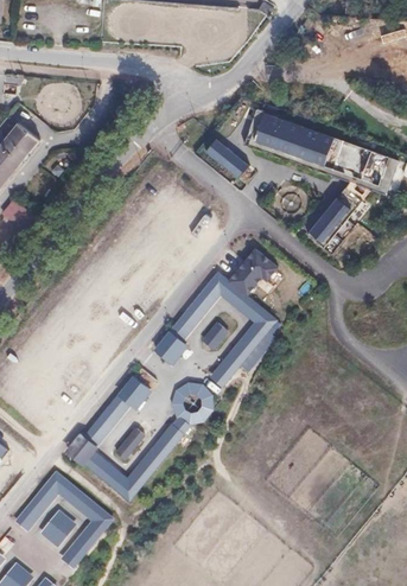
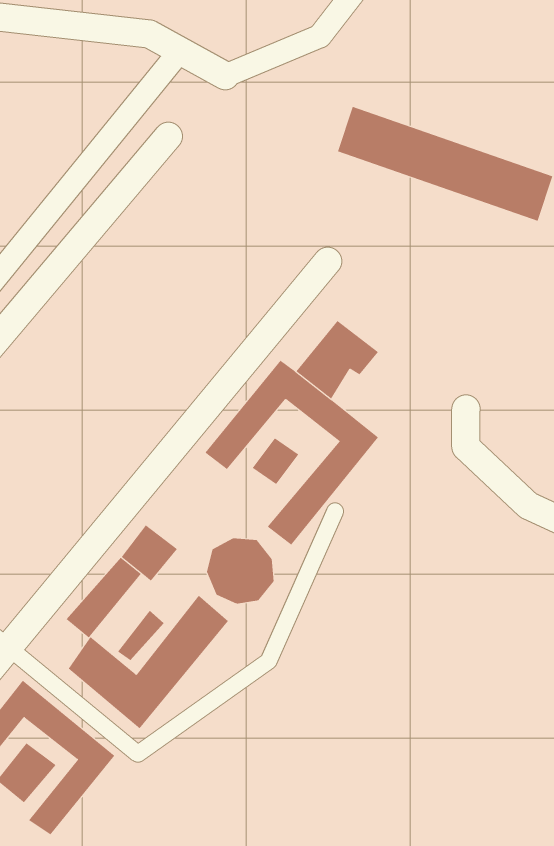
building: [205,138,249,179] -> none
building: [307,196,349,242] -> none
building: [154,330,190,367] -> none
building: [65,432,97,466] -> none

